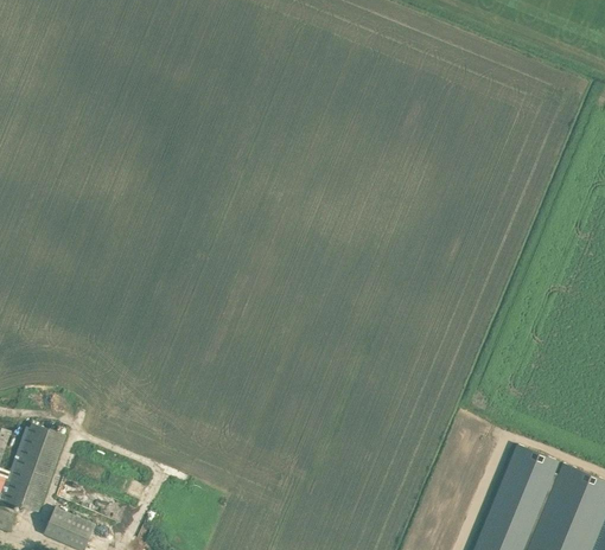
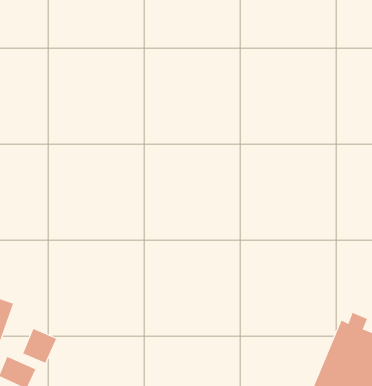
building: none -> [22,328,57,364]

